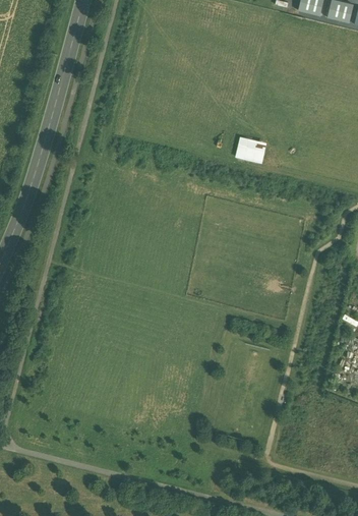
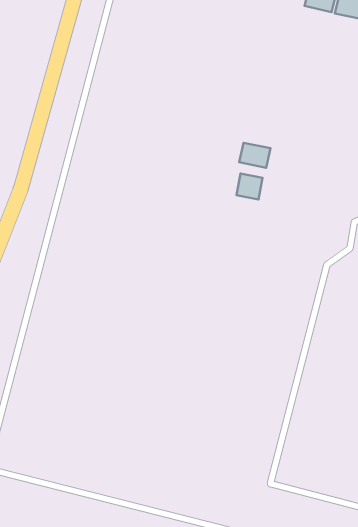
building: none -> [237,173,262,200]

